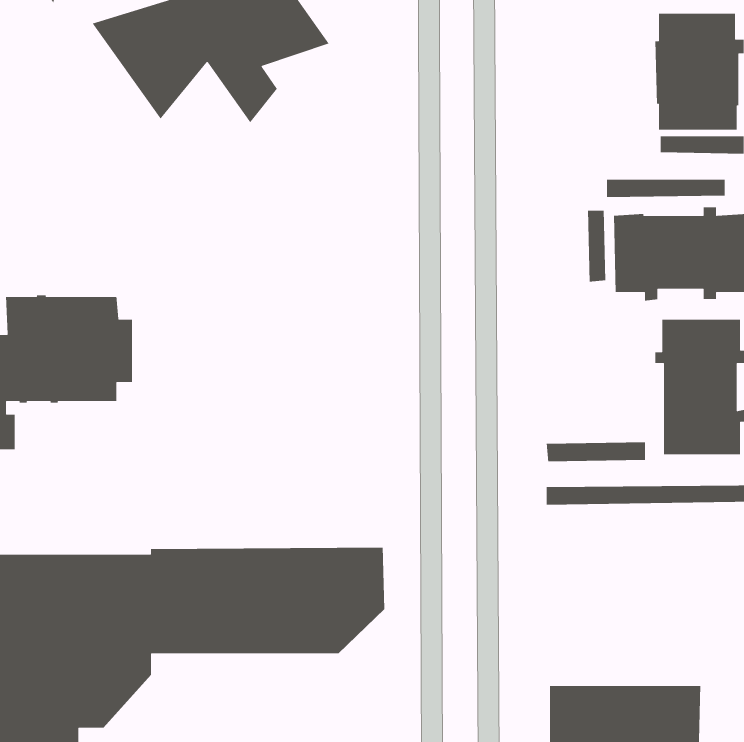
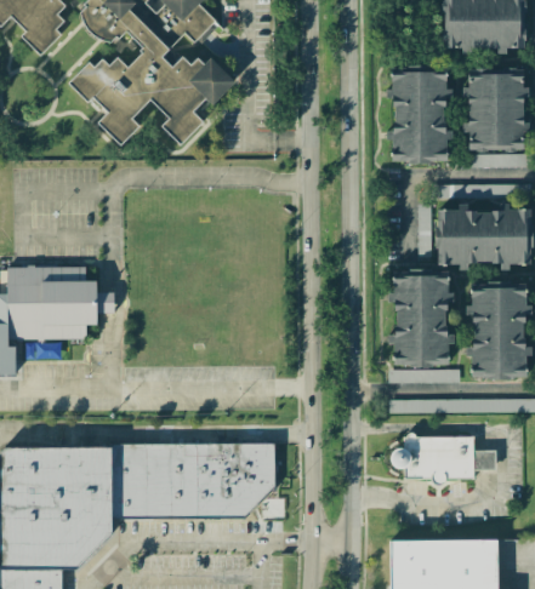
building: none -> [386,67,451,162]
building: none -> [387,274,454,366]
building: none -> [391,435,495,480]

